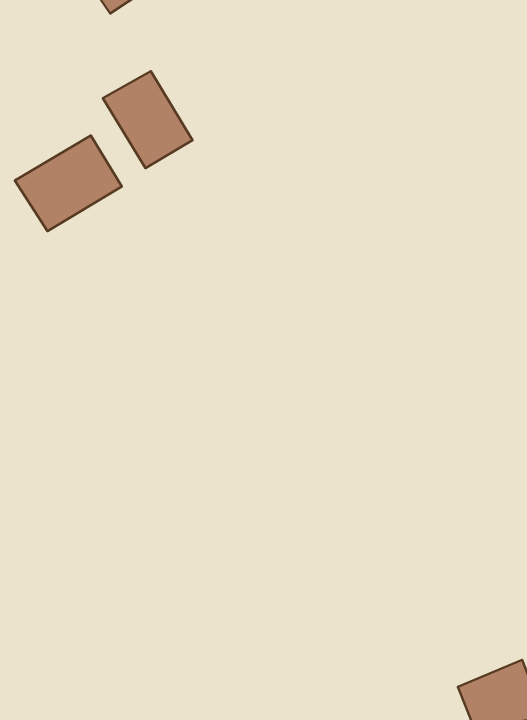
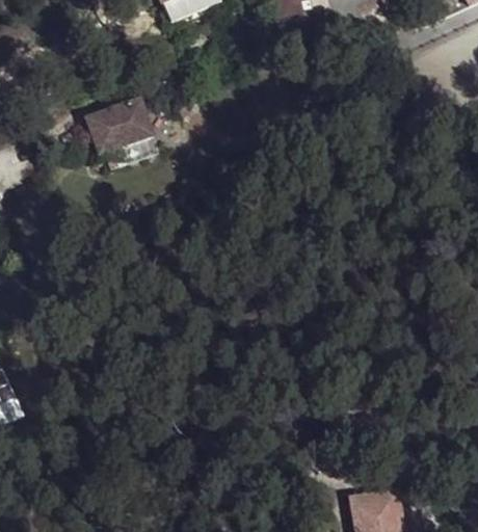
building: [103,71,192,168] -> none

